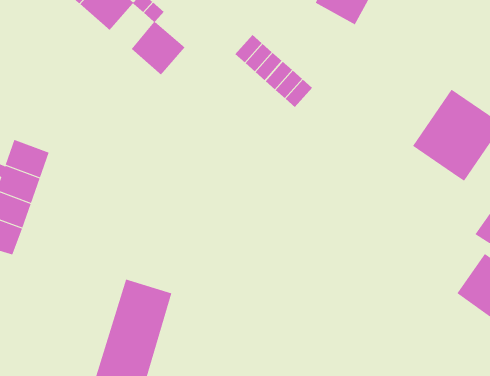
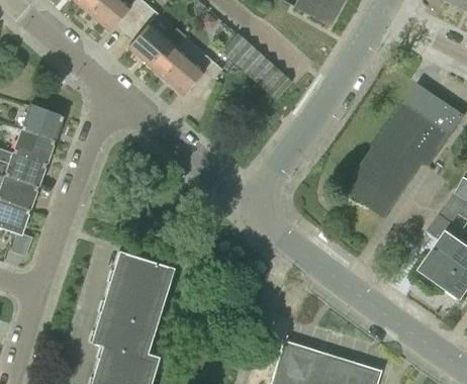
building: none -> [154,46,221,95]
building: none -> [20,105,62,141]
building: none -> [343,135,423,219]

